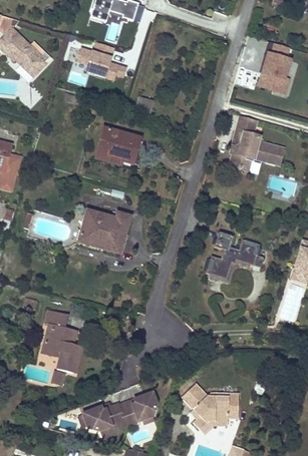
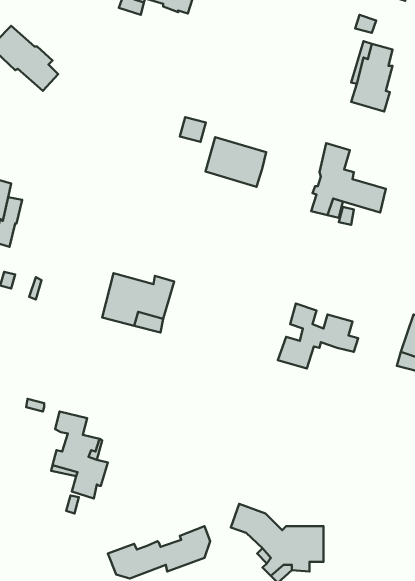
building: [77,40,126,78] -> none
building: [95,126,139,162] -> [205,137,266,187]

